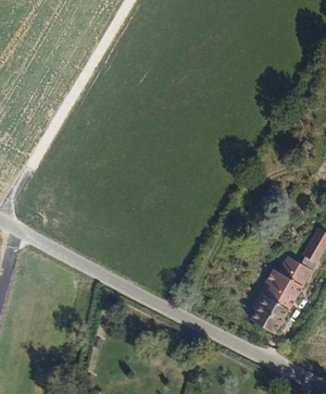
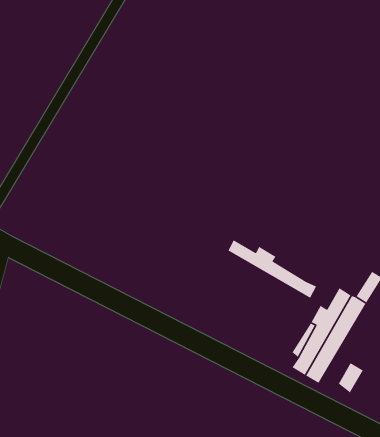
building: none -> [227,239,317,299]

